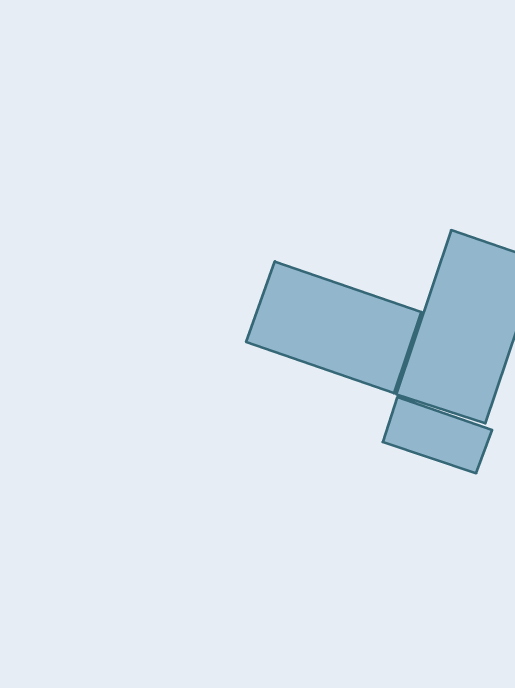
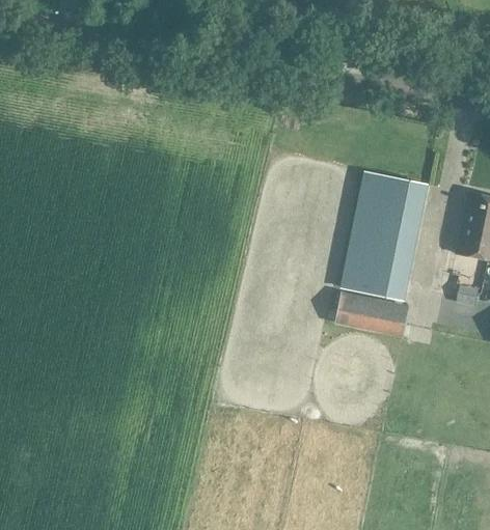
building: [246,261,421,393] -> none

